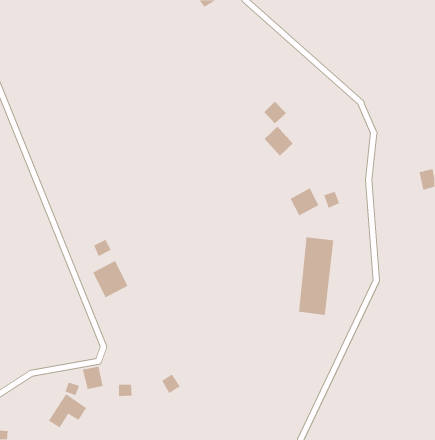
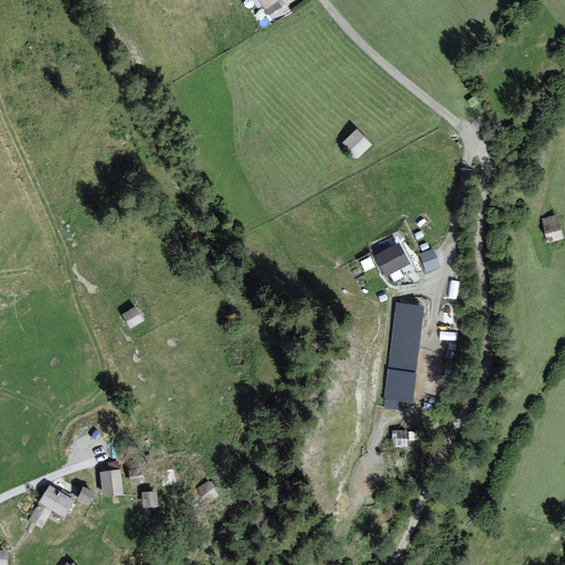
building: [264,126,294,156] -> none
building: [92,260,129,298] -> none
building: [48,393,87,429] -> [26,482,77,527]

